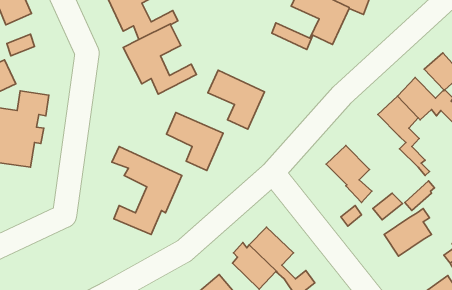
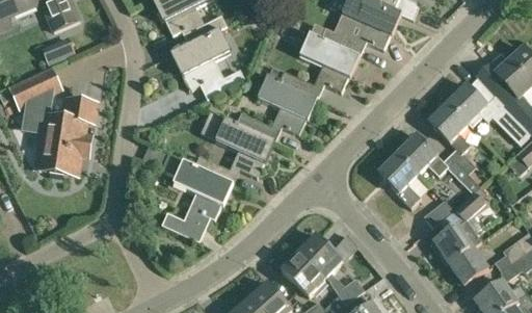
building: none -> [278,32,356,97]
building: none -> [396,132,469,180]
building: none -> [449,245,489,284]

